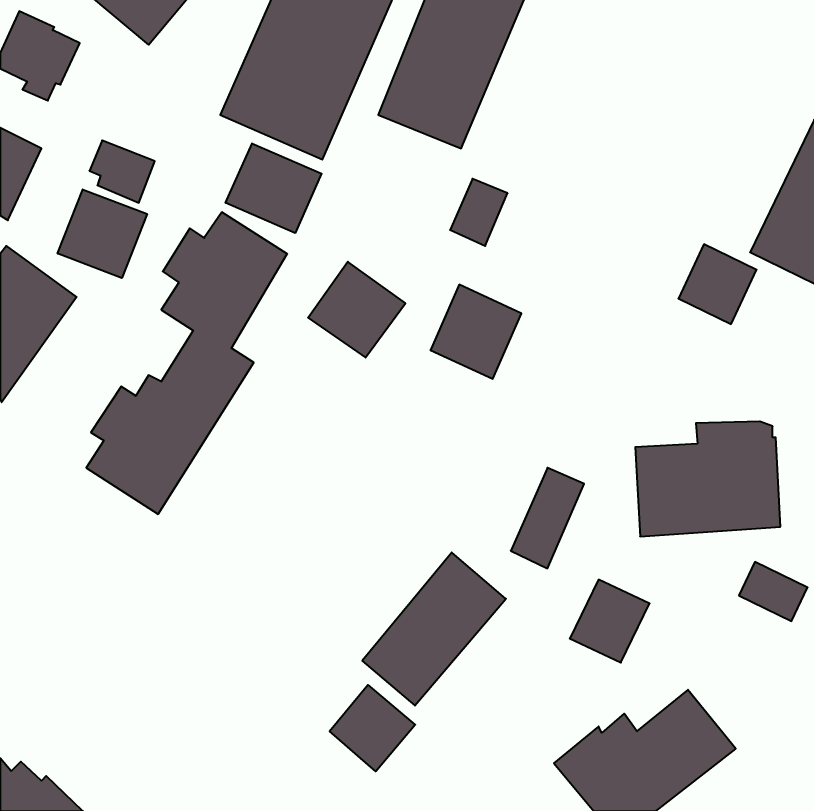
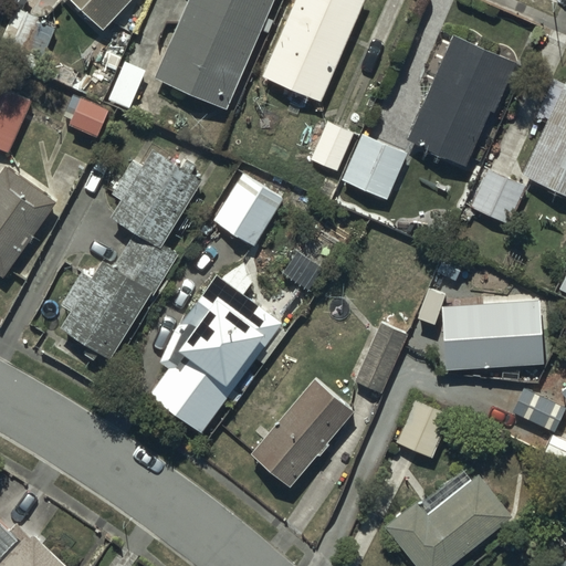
building: none -> [406,36,515,168]
building: [226,143,322,233] -> none
building: [58,189,147,278] -> none
building: [430,285,521,379] -> [343,135,406,200]
building: none -> [150,276,280,432]
building: [330,685,415,771] -> none

